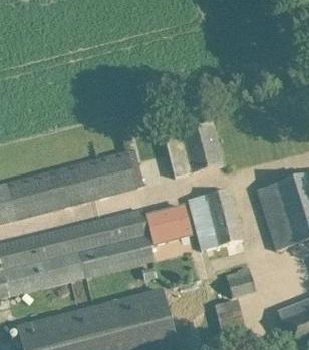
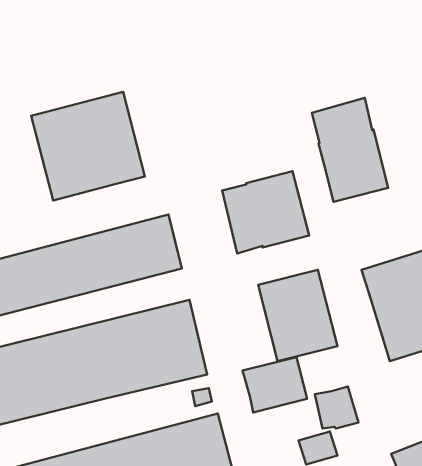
building: none -> [31,92,145,200]
building: none -> [312,98,388,202]
building: [146,206,190,243] -> [243,357,307,412]

